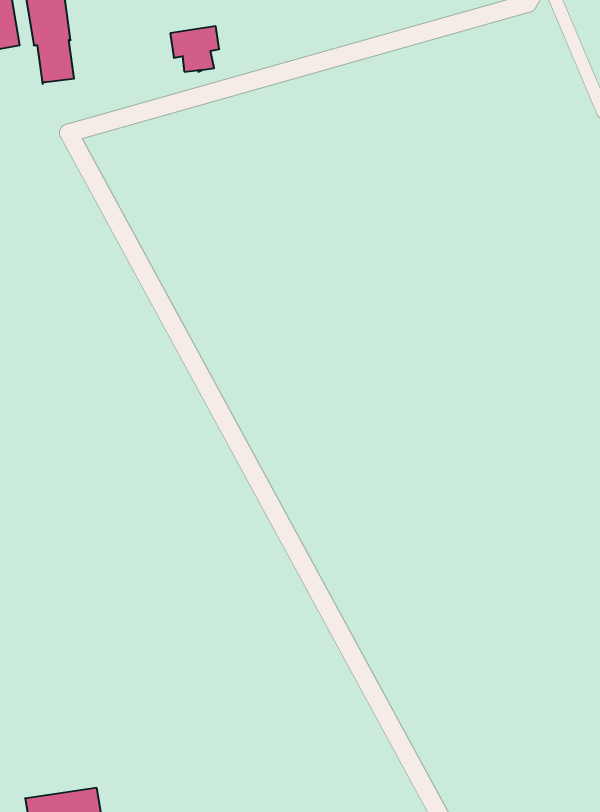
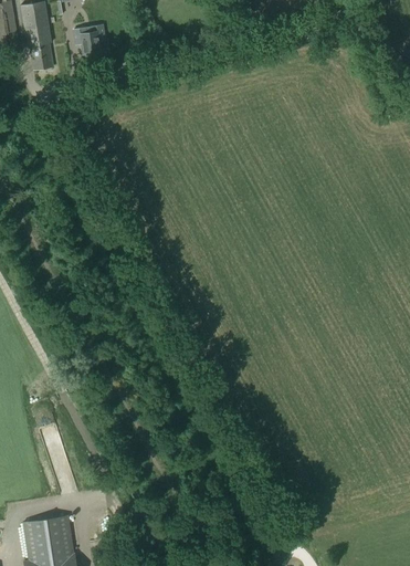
building: [170,26,219,72] -> [74,25,105,54]

